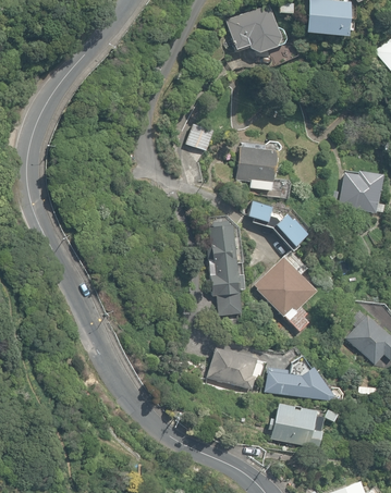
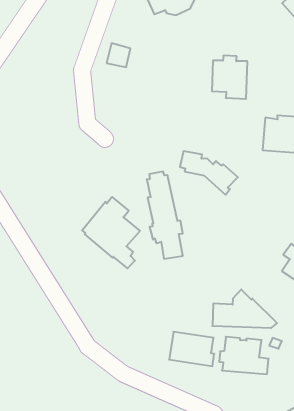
building: [184,123,211,150] -> [107,43,130,67]
building: [235,141,277,190] -> [212,56,247,99]
building: [255,251,317,330] -> [82,197,140,268]
building: [211,347,261,389] -> [169,332,214,366]

